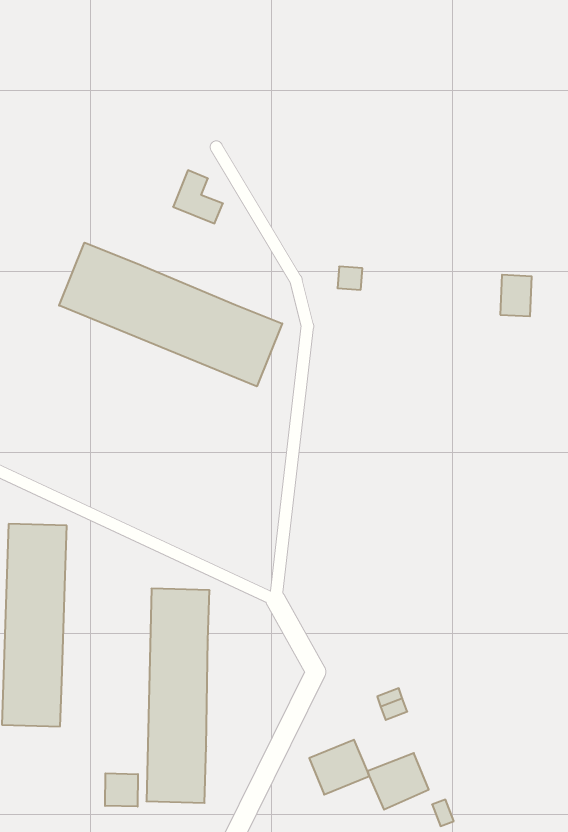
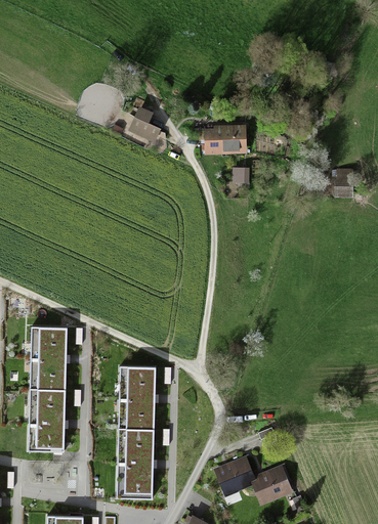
building: none -> [207,125,246,155]
building: [59,243,282,386] -> none
building: [105,773,138,807] -> none

